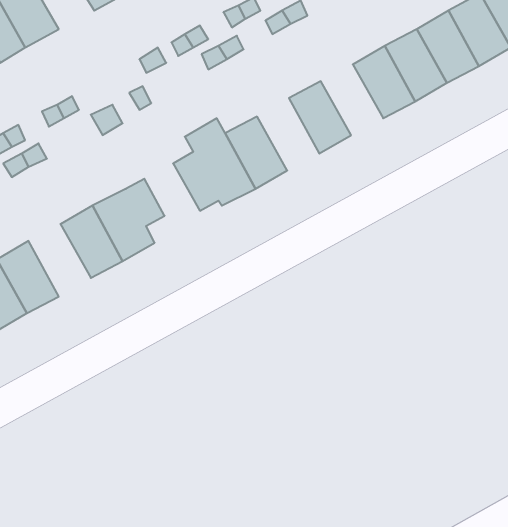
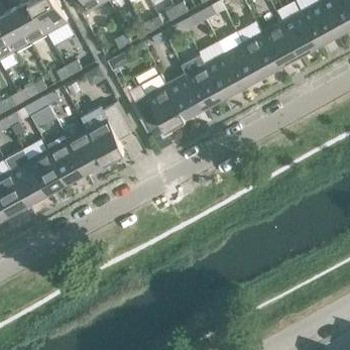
building: none -> [224,43,261,86]
building: none -> [181,54,223,107]
building: none -> [48,139,86,183]

